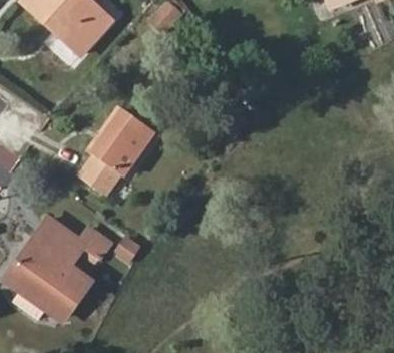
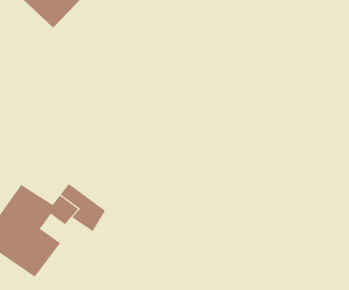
building: [77,108,154,195] -> none

